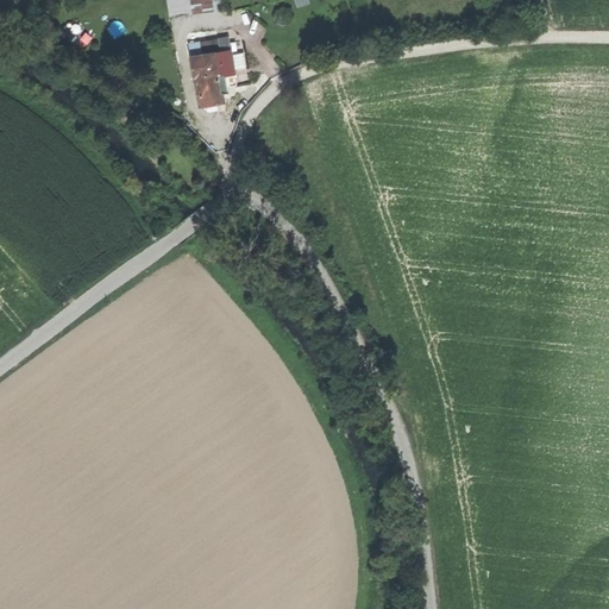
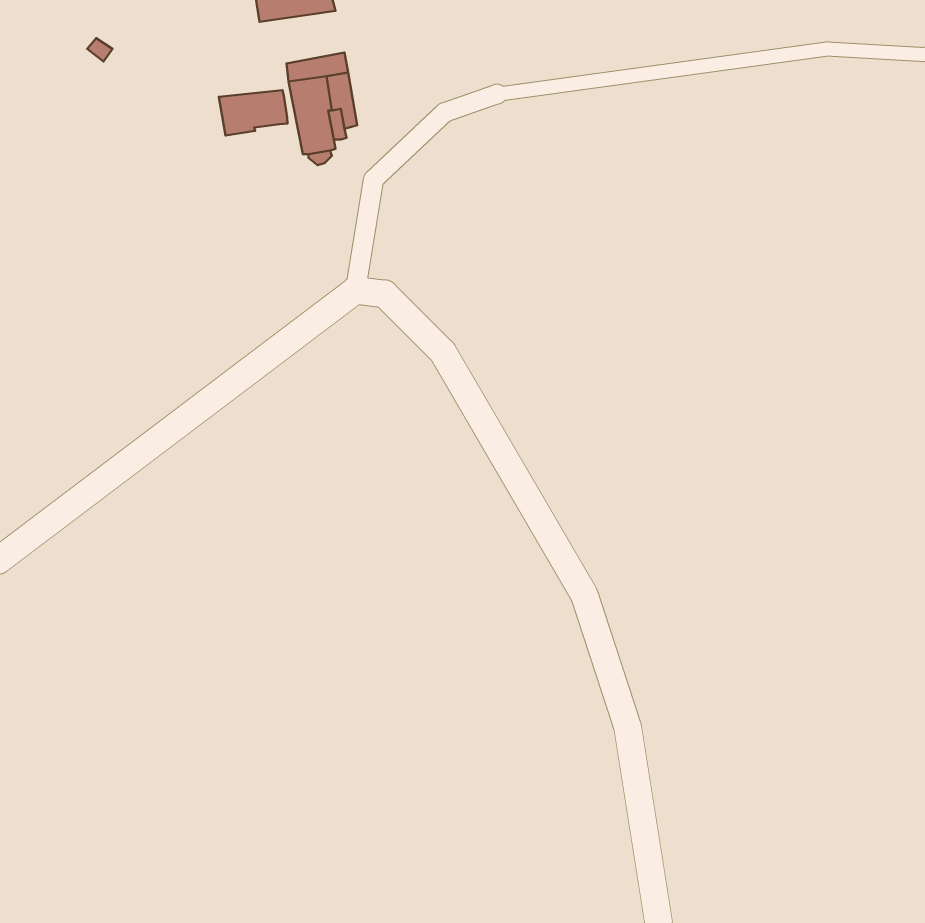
building: none -> [219,90,287,136]

